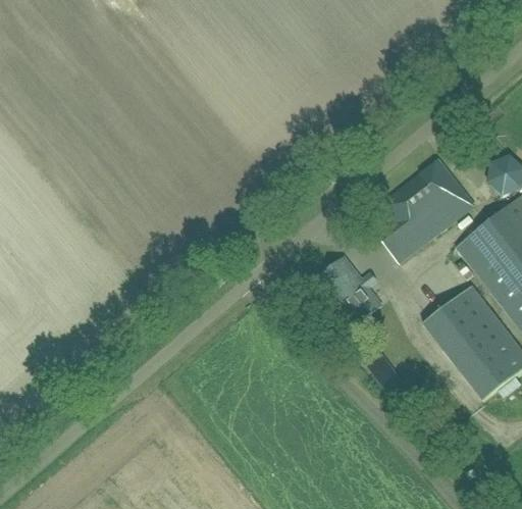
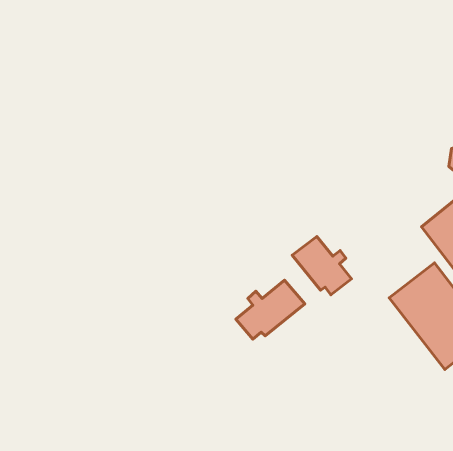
building: [378,159,474,262] -> none
building: none -> [236,280,305,339]

